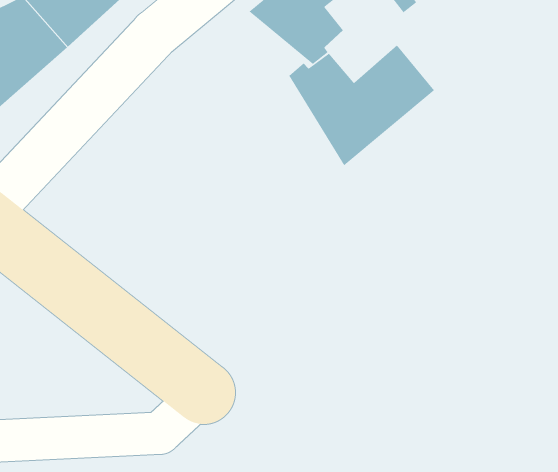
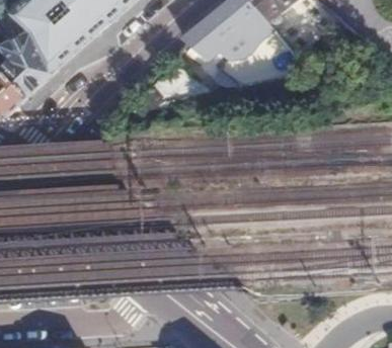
building: [289,44,435,166] -> none

